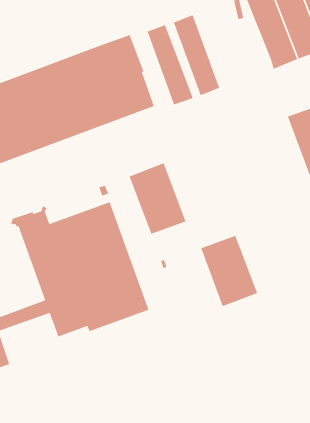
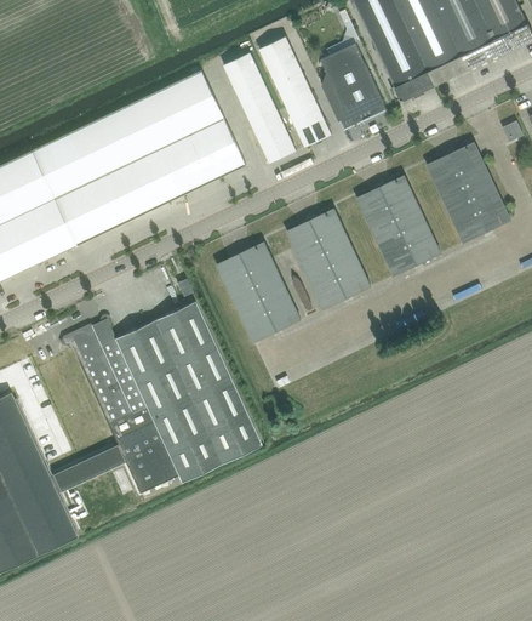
building: none -> [320,42,385,130]
building: none -> [356,175,440,275]
building: [200,235,258,307] -> [286,209,371,309]

